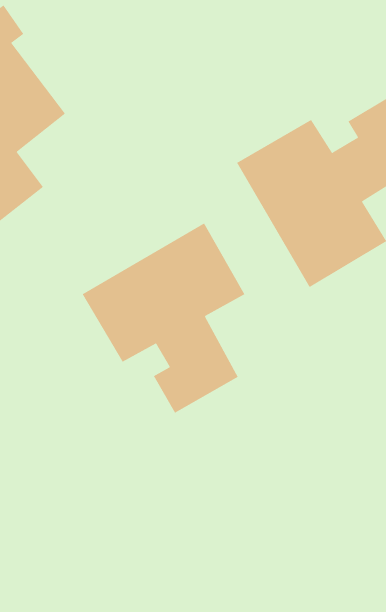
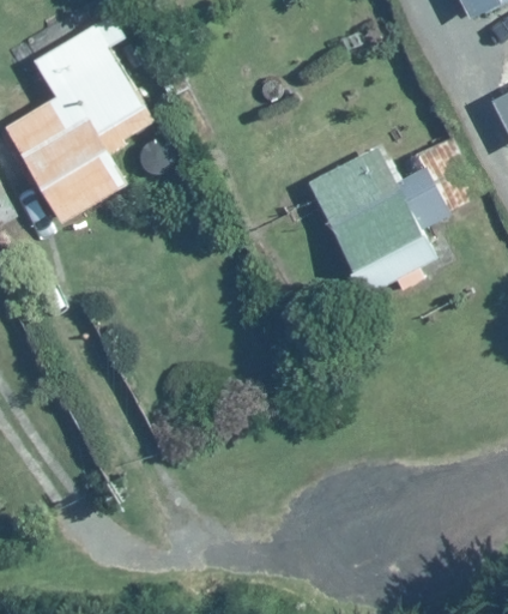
building: [82,222,245,413] -> none

